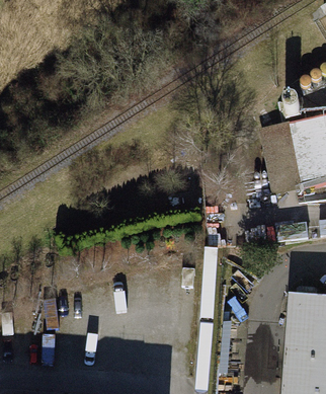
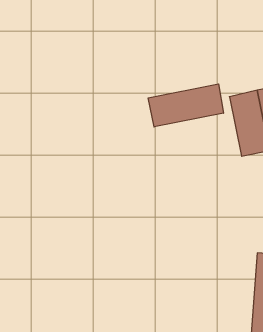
building: none -> [148,84,223,127]

